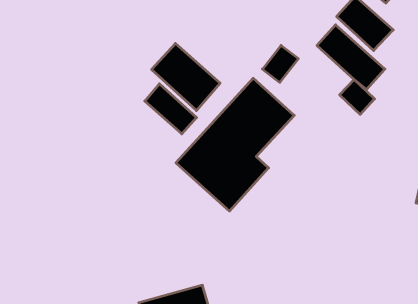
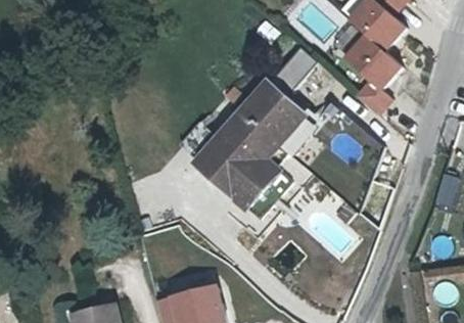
building: [152,43,220,111] -> none
building: [145,84,197,134] -> none

